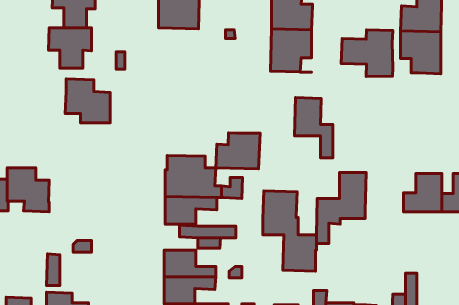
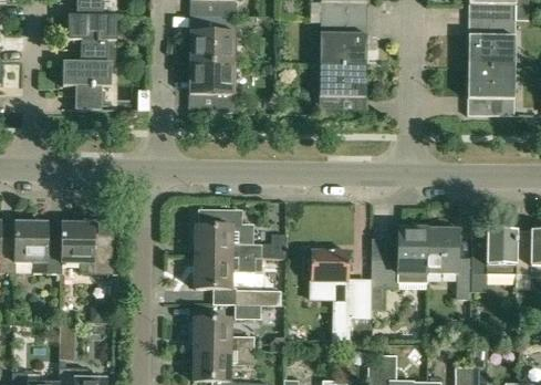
building: none -> [187,61,235,110]
building: [341,30,393,77] -> none
building: [65,79,110,123] -> [61,222,113,273]
building: [295,98,333,158] -> [427,228,471,298]
building: [216,133,260,169] -> none

